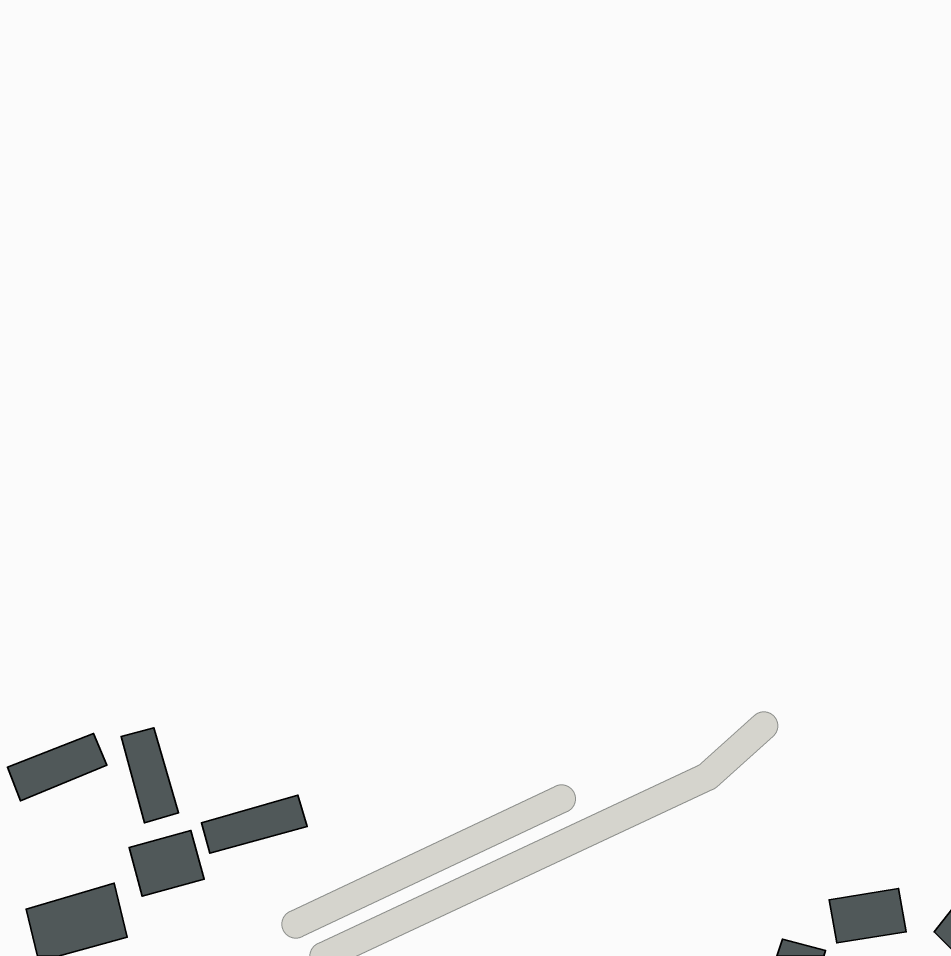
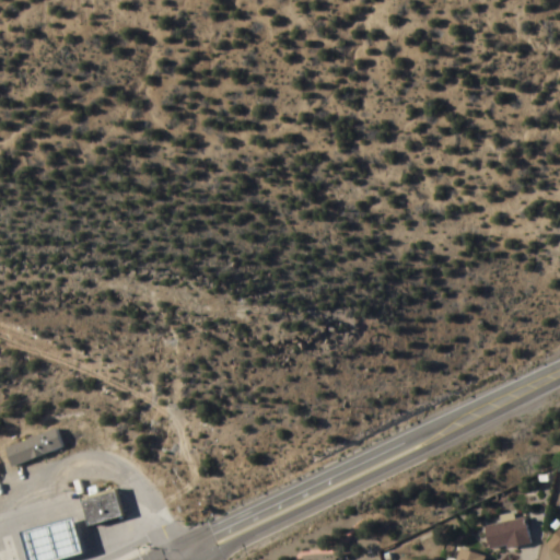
building: [121,728,179,823] -> none
building: [201,795,307,853] -> none

